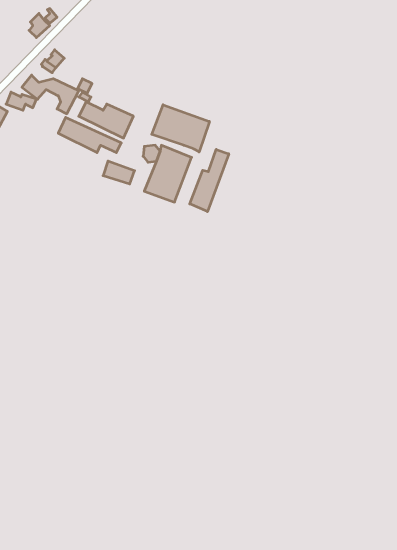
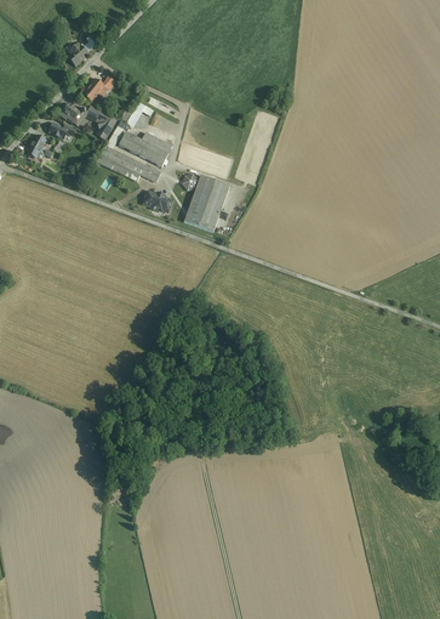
building: [152,105,209,152] -> none
building: [190,149,229,212] -> none

